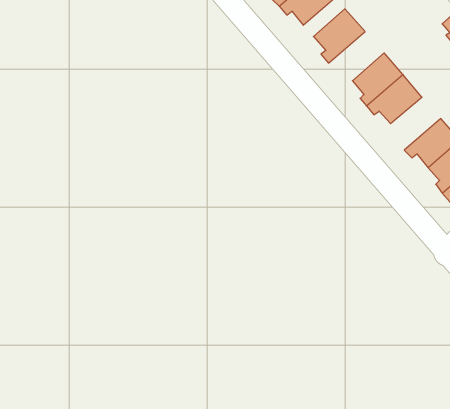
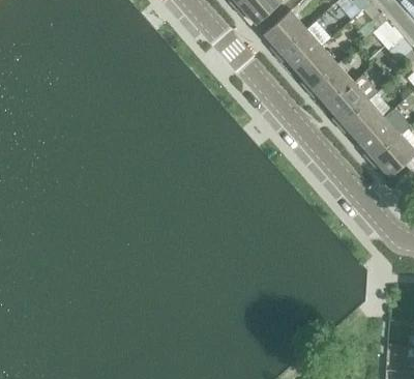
building: none -> [276,29,322,69]
building: none -> [327,83,368,126]

